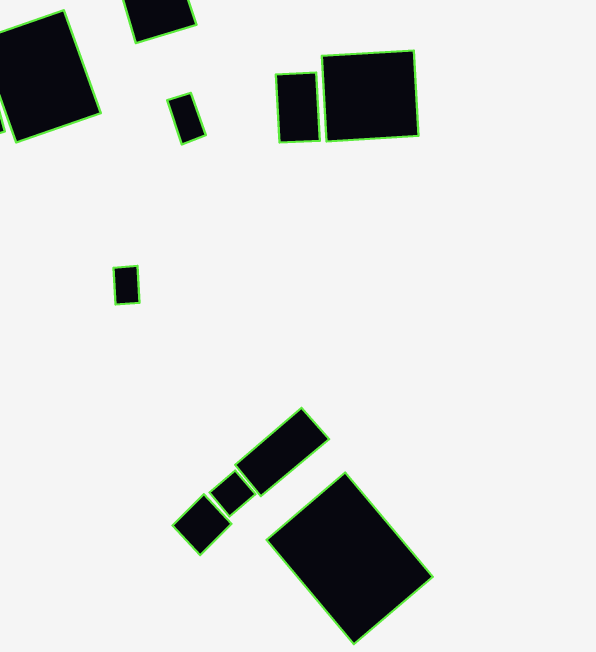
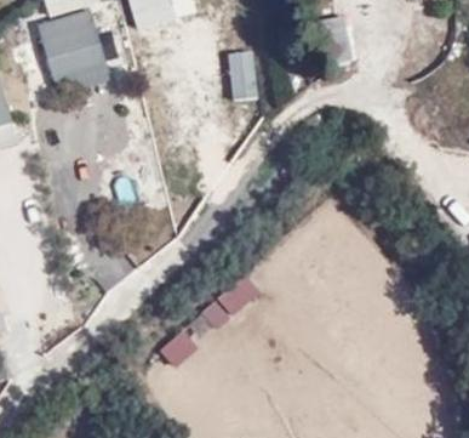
building: [322,50,419,141] -> none
building: [266,473,433,644] -> none

